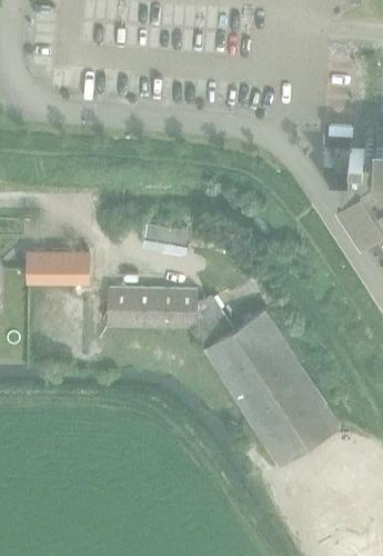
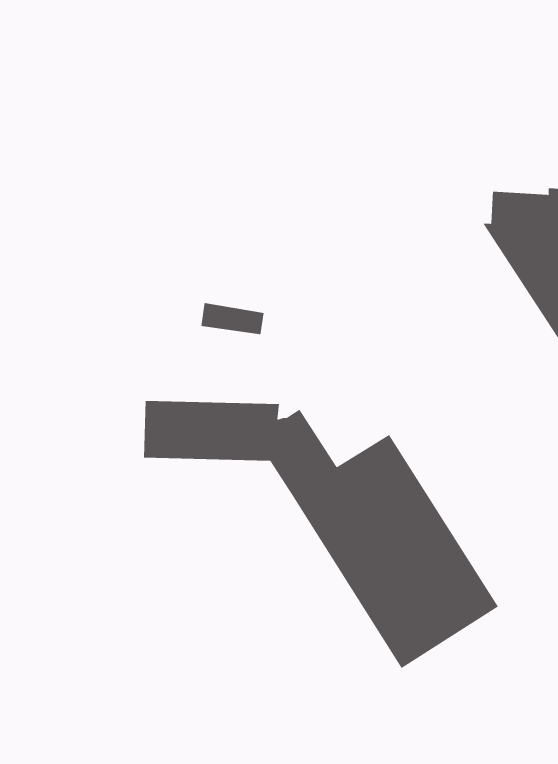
building: [27,251,88,282] -> none

